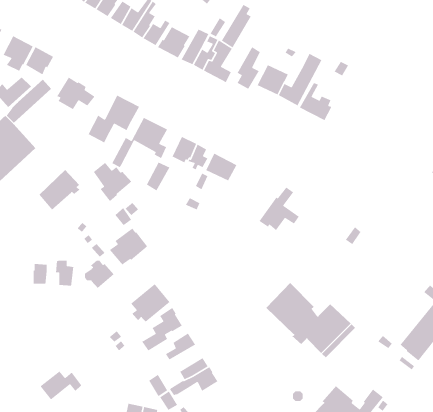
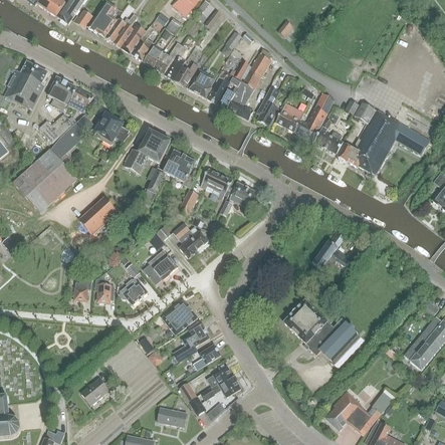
building: none -> [338,101,429,175]
building: [93,162,132,202] -> [173,222,208,258]
building: [258,186,300,231] -> [312,231,350,271]

